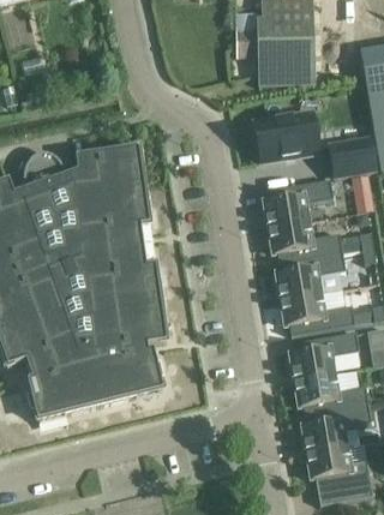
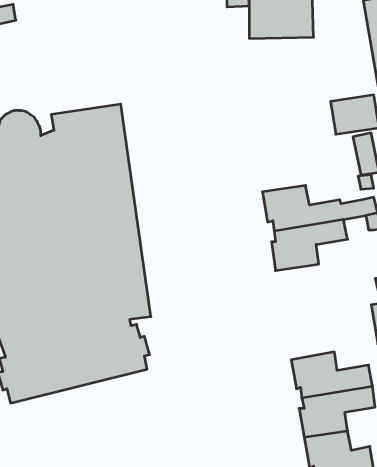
building: [254,113,318,161] -> none
building: [263,179,334,227] -> none
building: [280,293,354,335] -> none
building: [289,331,359,381] -> none

